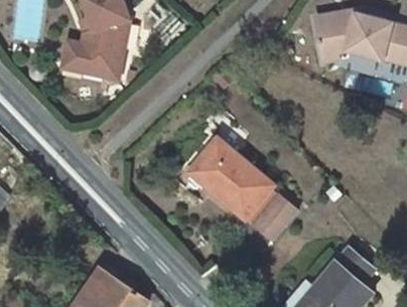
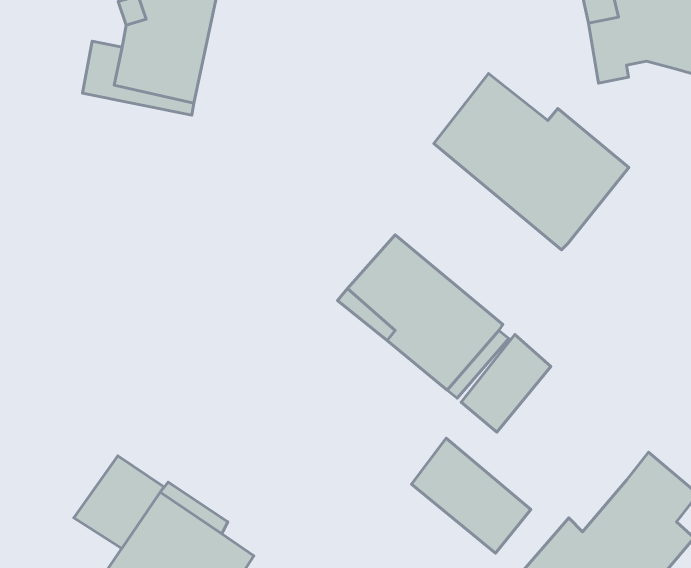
building: none -> [434,74,629,250]
building: none -> [412,438,531,553]
building: none -> [74,456,164,548]

